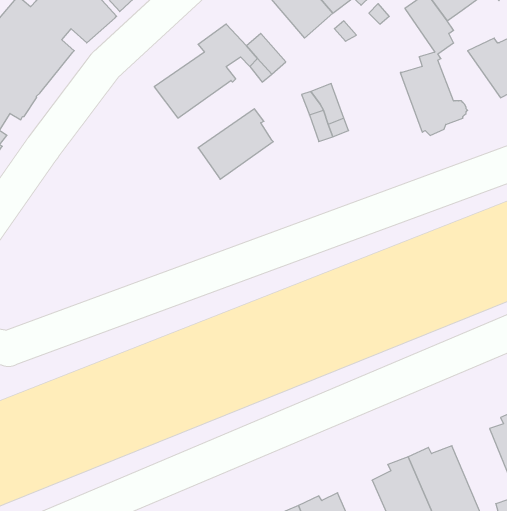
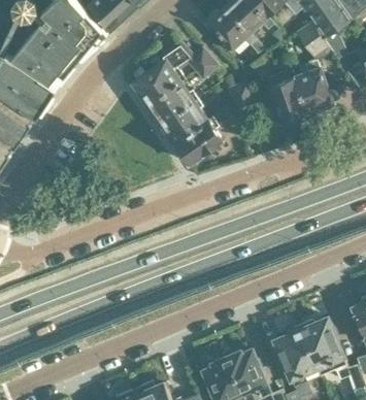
building: none -> [268,68,308,122]
building: none -> [147,78,198,123]
building: none -> [175,114,225,164]

